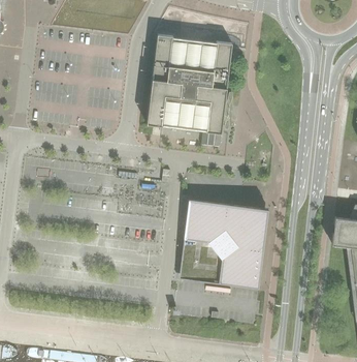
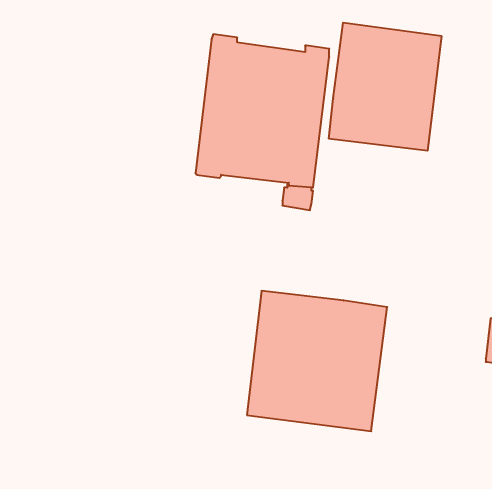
building: none -> [329,23,441,151]

